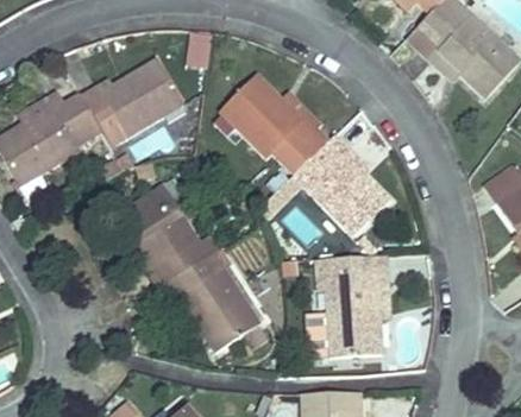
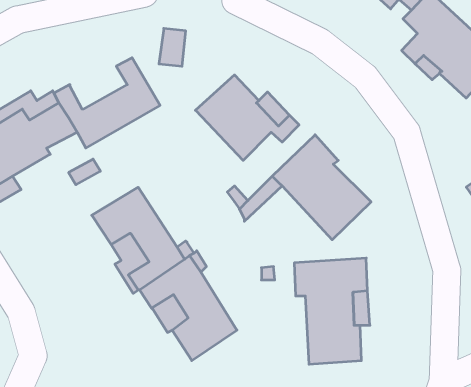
building: [96,67,152,108] -> none

